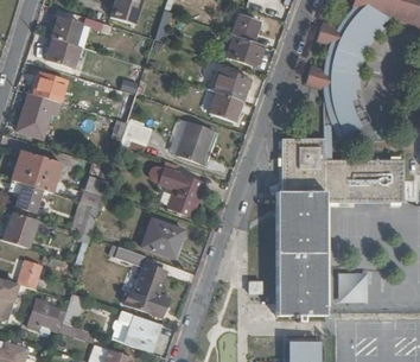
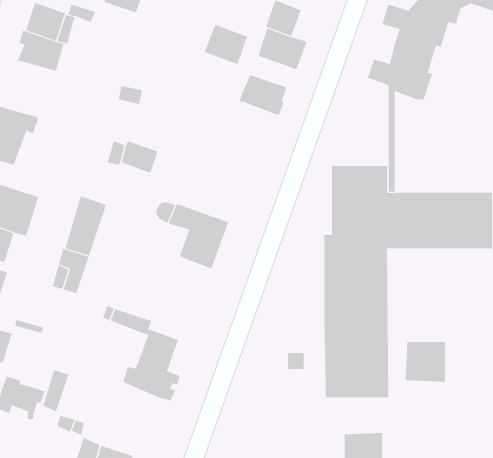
building: [330,27,381,138] -> none
building: [37,72,66,102] -> none
building: [208,91,241,122] -> [204,24,248,65]
building: [176,121,212,164] -> none
building: [141,218,183,258] -> none
building: [110,310,154,353] -> none

